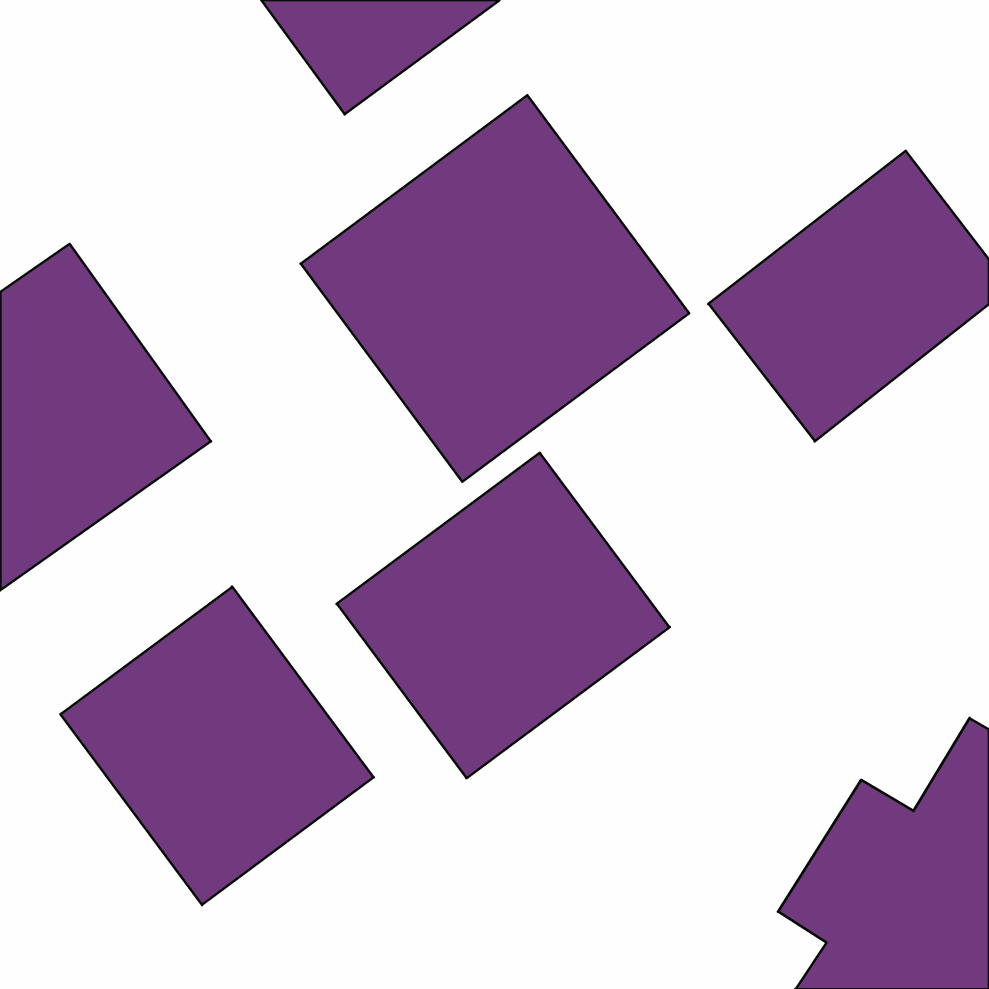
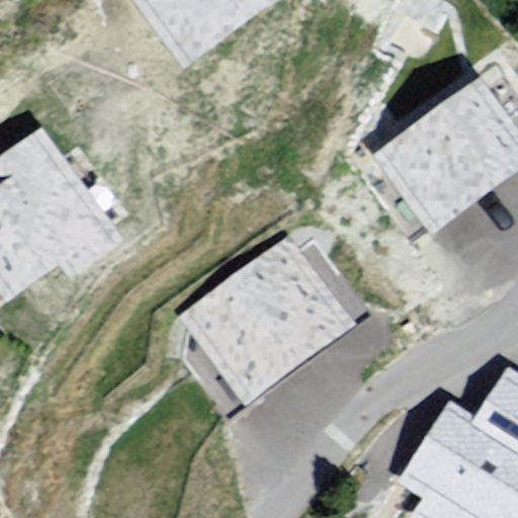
building: [301,95,689,482] -> none
building: [61,587,374,905] -> none

